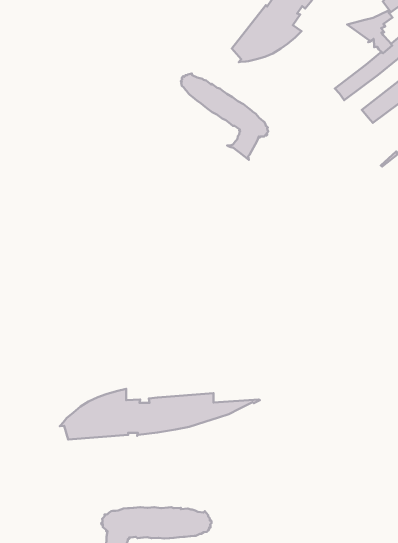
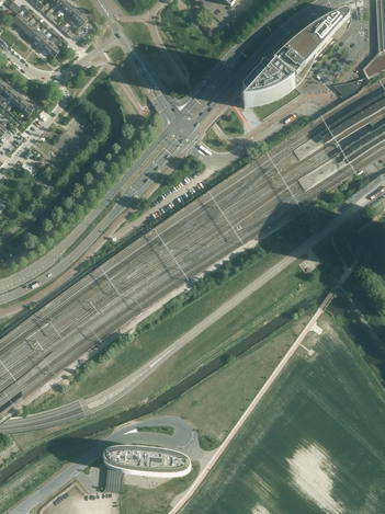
building: [181,73,268,160] -> none
building: [60,389,260,440] -> none

